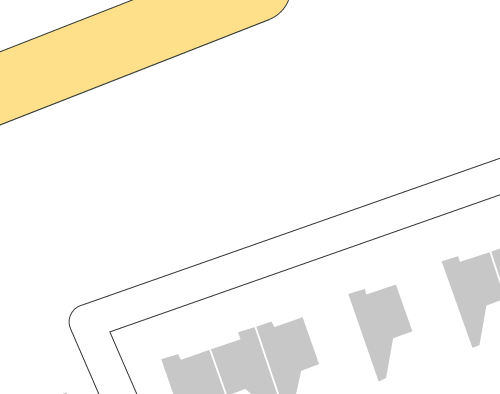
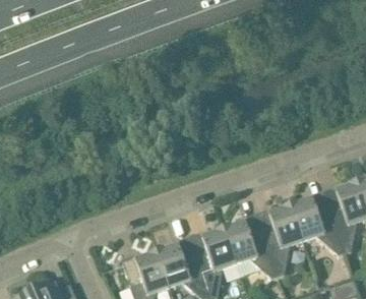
building: none -> [291,189,345,255]
building: none -> [224,213,278,279]

